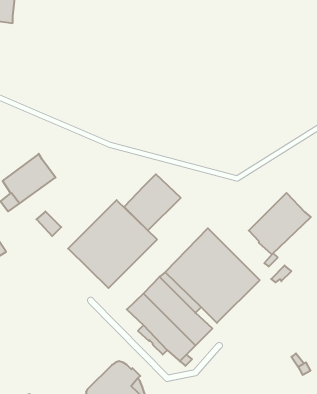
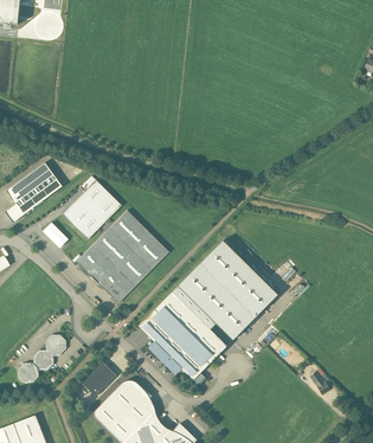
building: [124,174,181,231] -> [63,180,122,239]
building: [249,193,311,254] -> none
building: none -> [19,335,66,383]
building: none -> [82,362,116,397]

